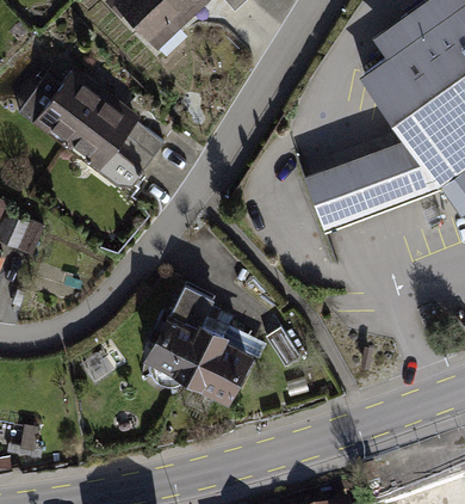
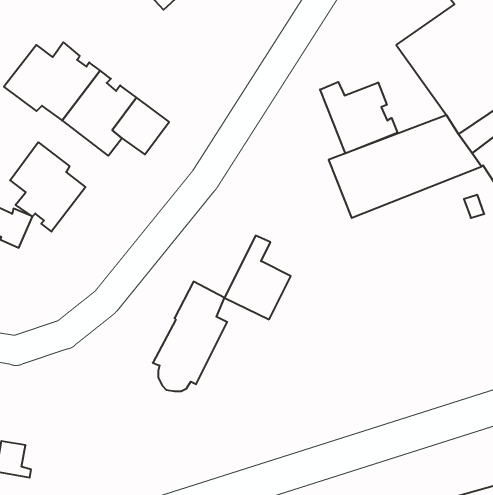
building: none -> [320,82,398,153]
building: none -> [10,142,85,232]
building: [188,321,247,395] -> [224,236,291,319]

